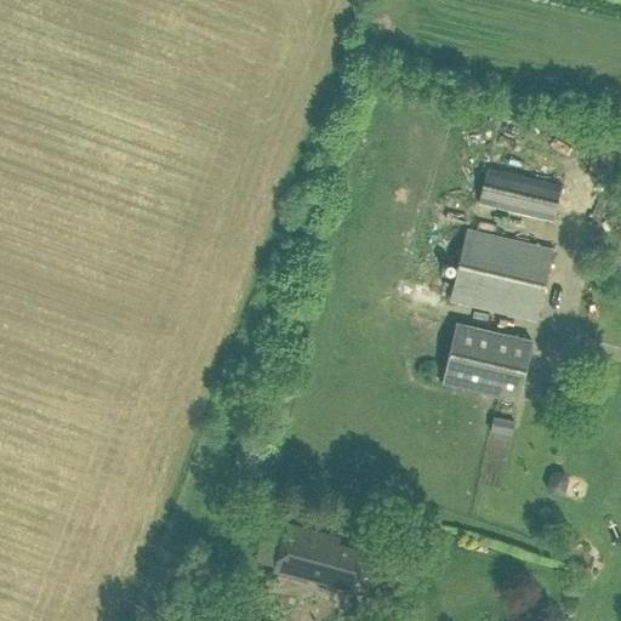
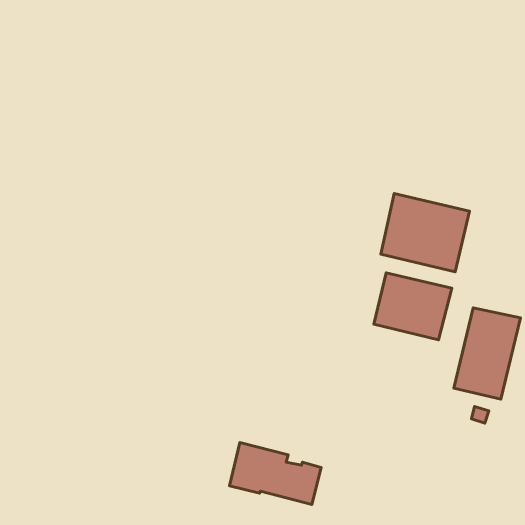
building: [479,166,562,220] -> none
building: none -> [454,308,520,399]

